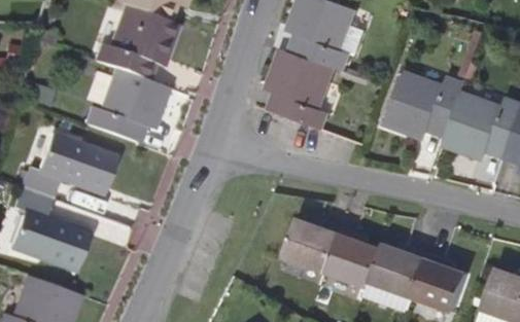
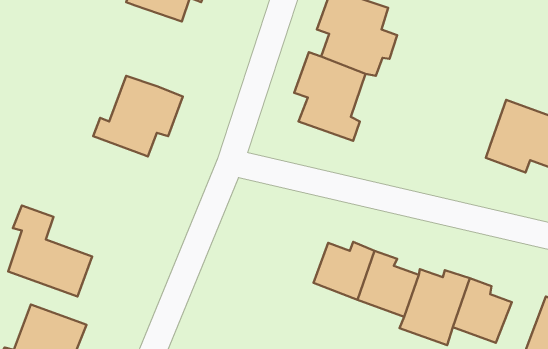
building: [95,6,176,79] -> none
building: [385,71,464,136] -> none
building: [22,135,114,198] -> none

